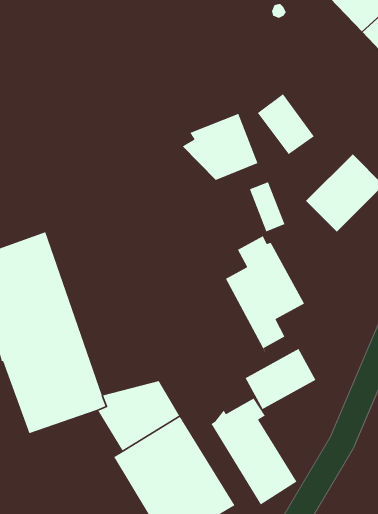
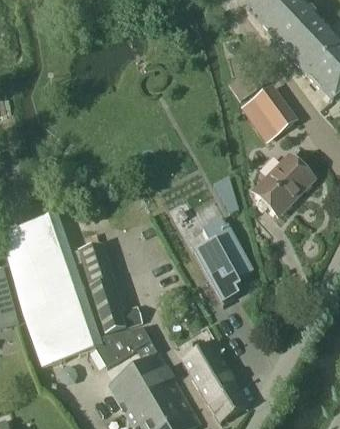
building: [257,93,315,155] -> [252,84,296,131]
building: [182,113,259,181] -> none
building: none -> [77,241,141,333]
building: [244,348,317,410] -> none

